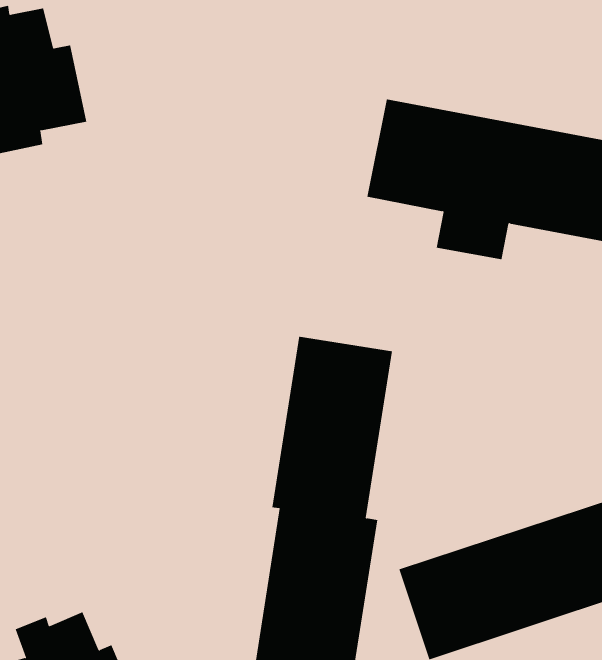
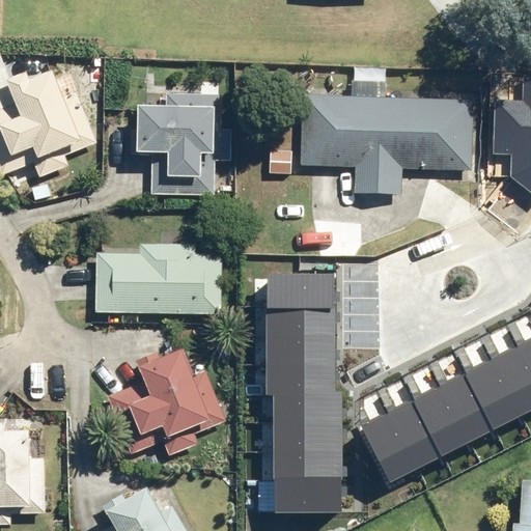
building: none -> [137,94,230,196]
building: none -> [94,244,221,315]
building: none -> [106,348,225,443]

